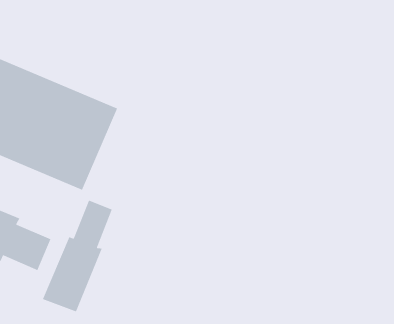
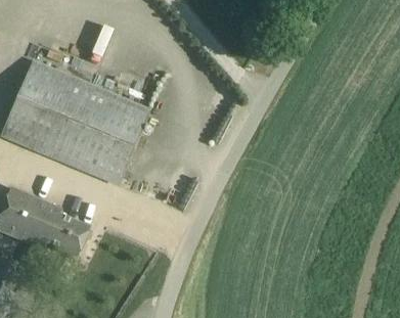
building: [42,200,113,313] -> none

